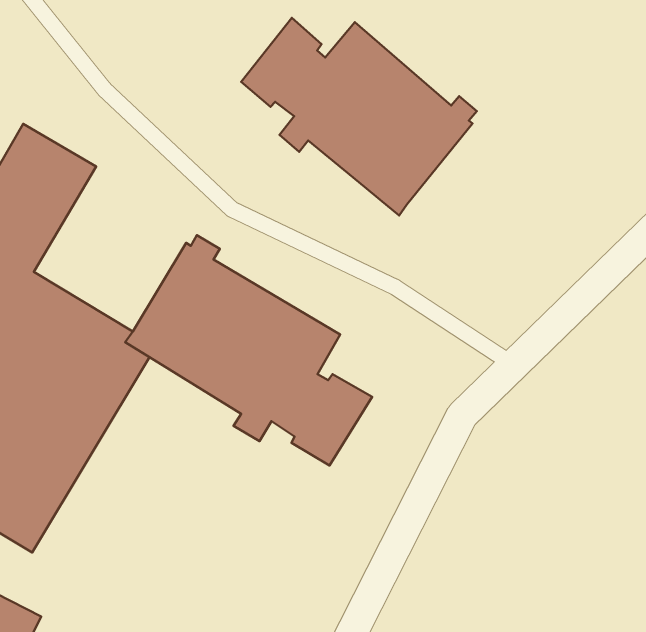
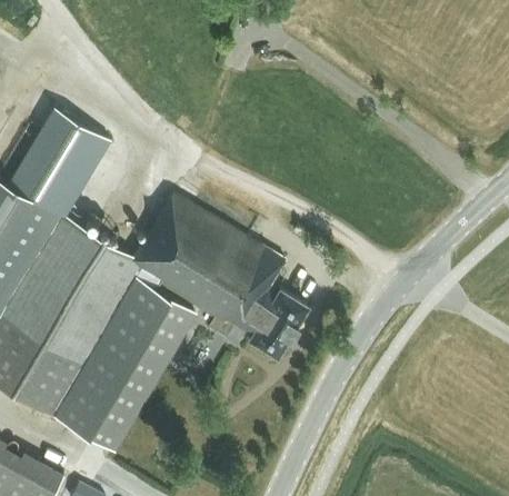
building: [241,18,477,215] -> none
building: none -> [60,279,194,454]

